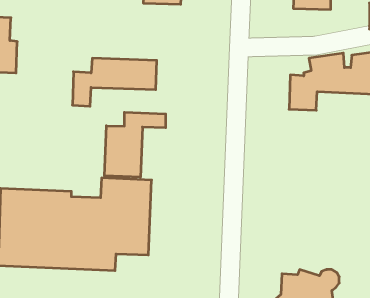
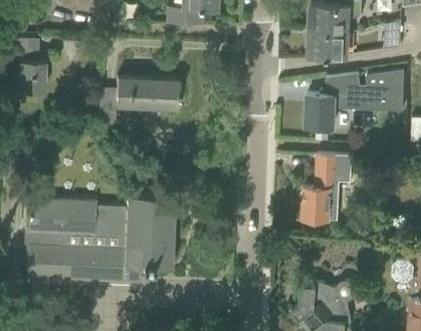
building: none -> [310,28,348,56]
building: [104,112,166,177] -> none
building: none -> [303,152,353,220]

